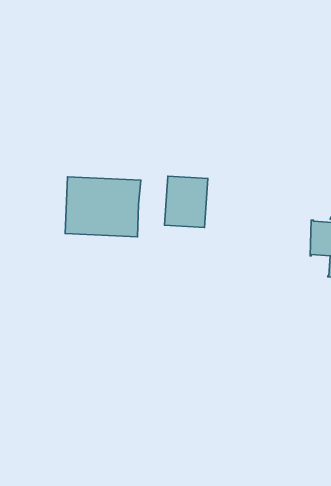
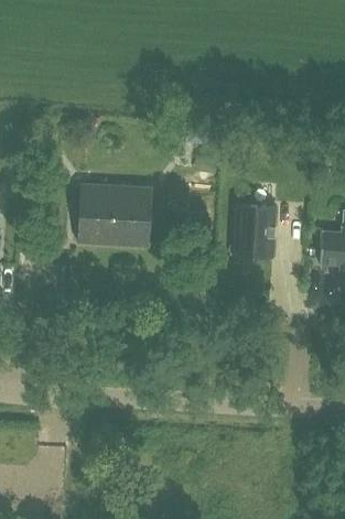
building: [164,176,208,227] -> [233,204,276,255]

